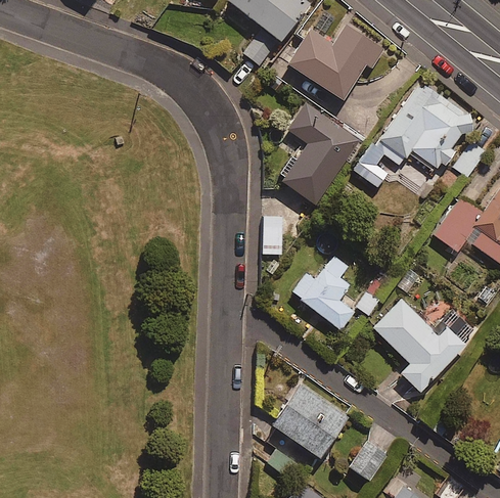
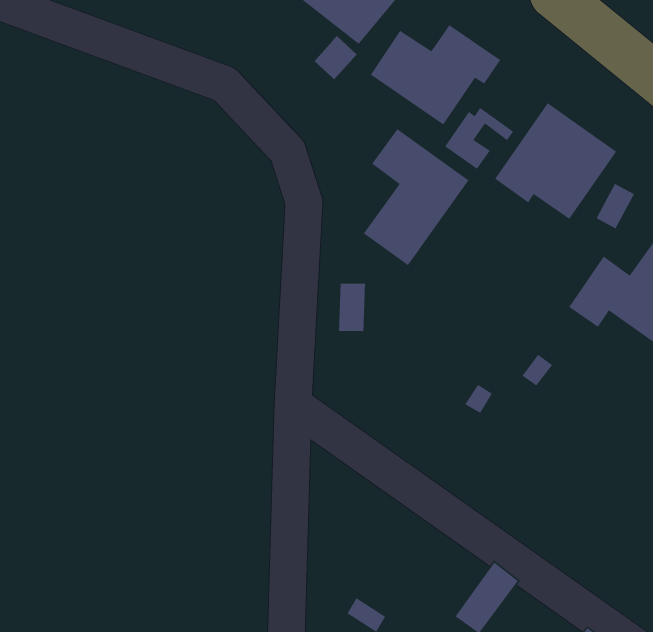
building: [353,140,405,187] -> [444,107,514,170]
building: [292,257,354,330] -> none
building: [372,299,476,392] -> none
building: [265,383,348,458] -> none

